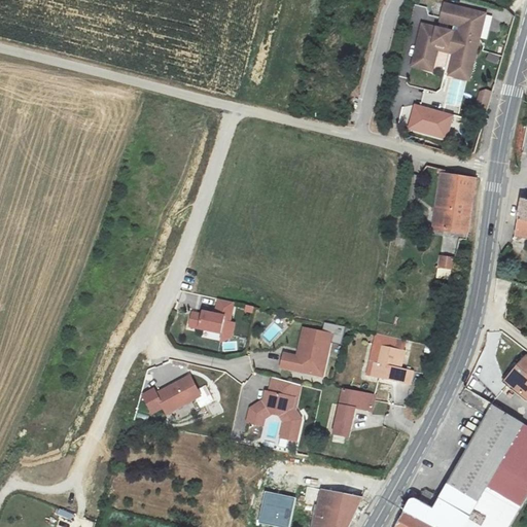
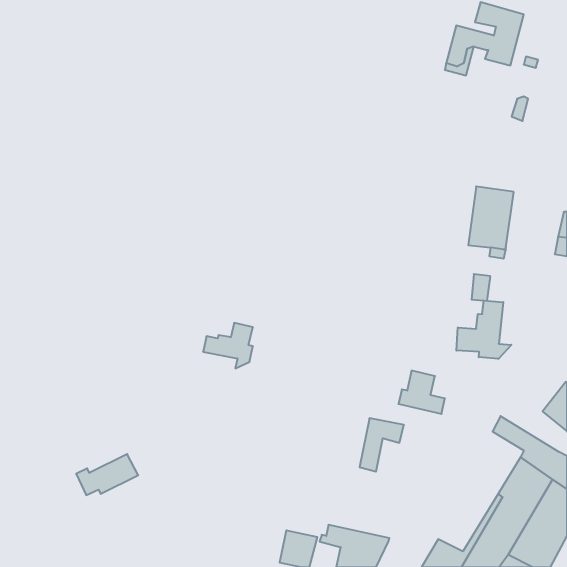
building: [444,46,473,79] -> none
building: [408,104,452,140] -> none
building: none -> [456,300,511,359]
building: [281,327,333,376] -> none
building: [143,375,201,413] -> [76,454,138,495]
building: [246,378,301,442] -> none

